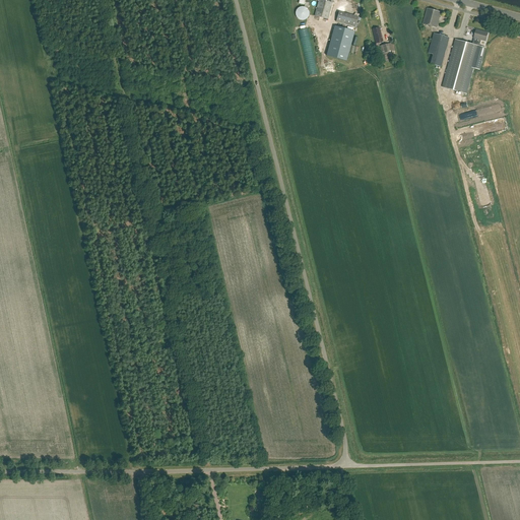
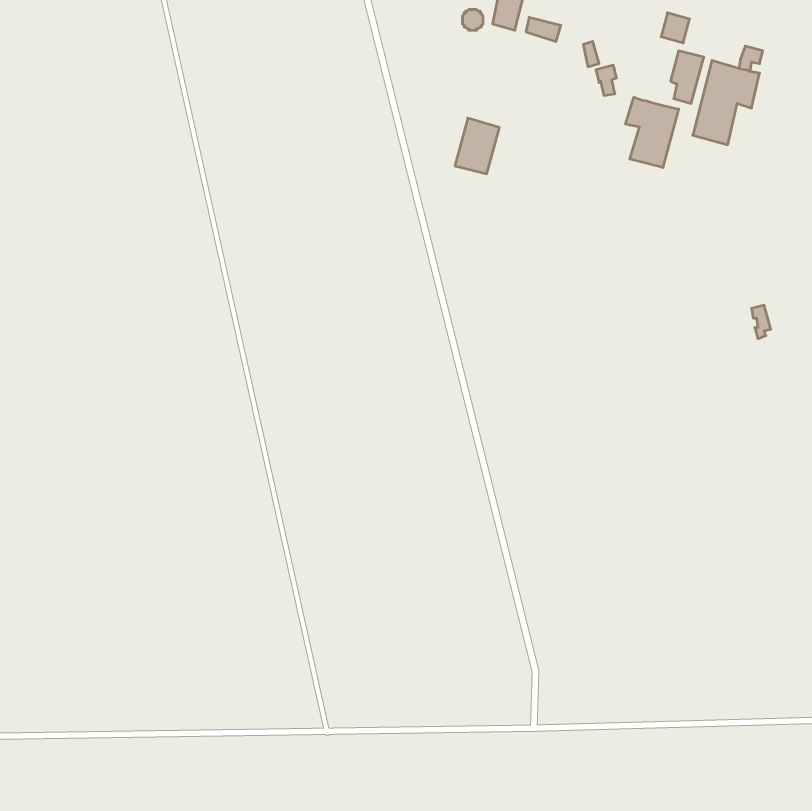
building: [326,24,354,60] -> [455,118,499,174]
building: none -> [626,97,679,168]

